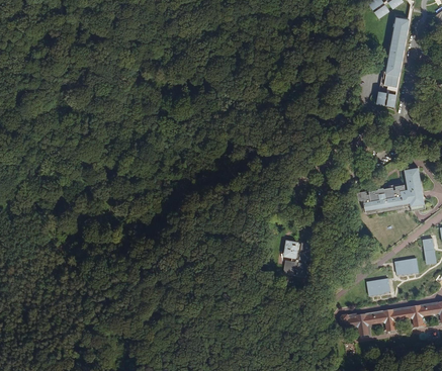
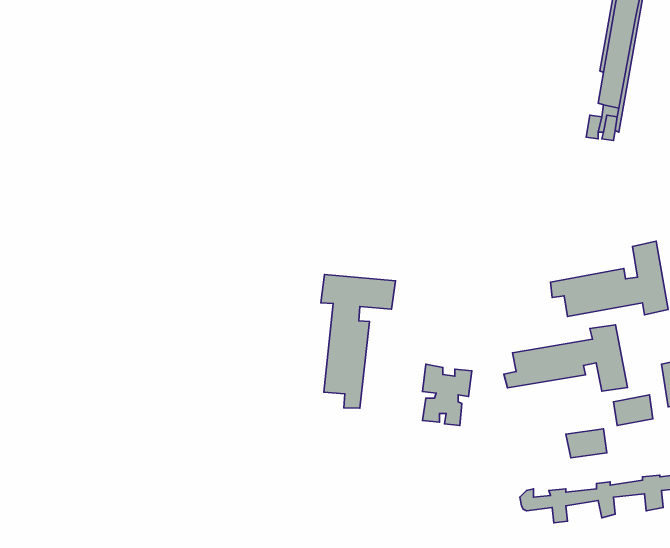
building: none -> [321,275,395,408]
building: none -> [504,325,627,391]

